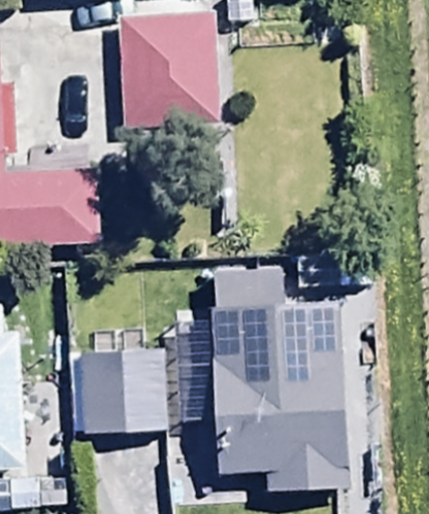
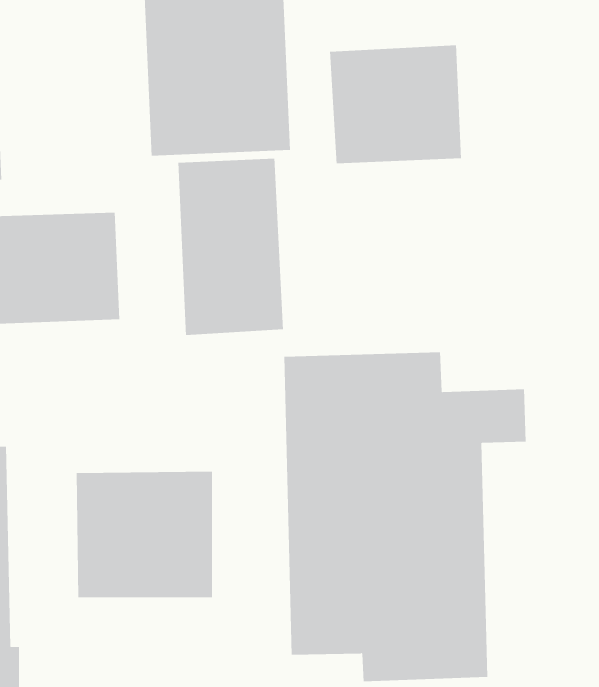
building: none -> [330,44,461,164]
building: none -> [178,158,283,336]

